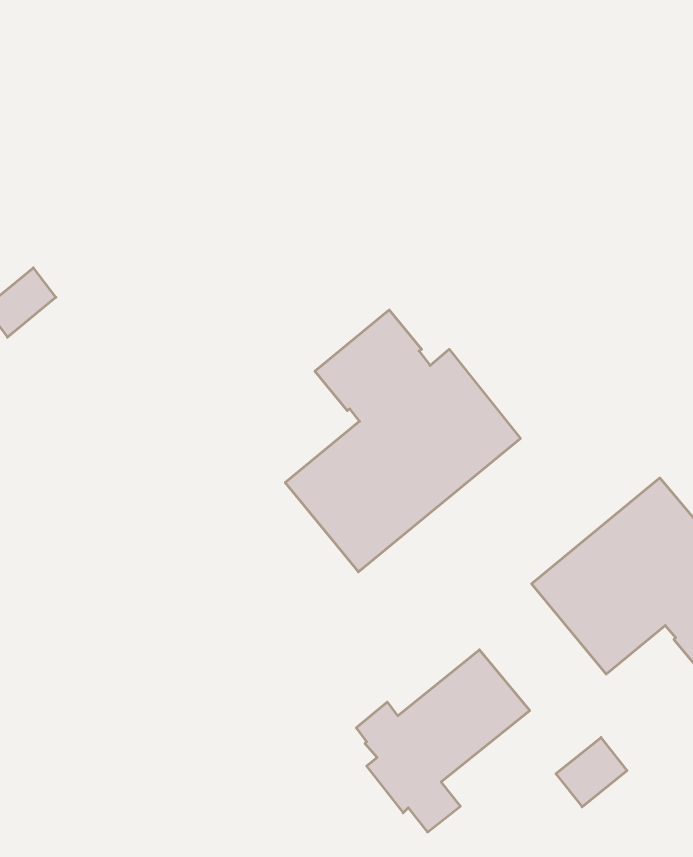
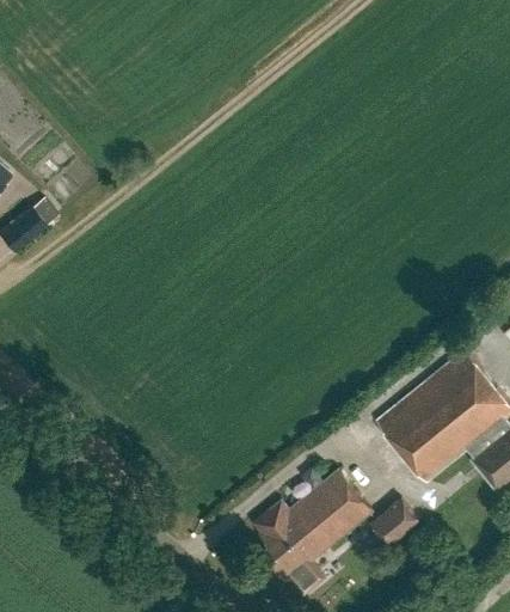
building: [285,310,520,572] -> none
building: [556,737,627,807] -> [369,500,418,547]

